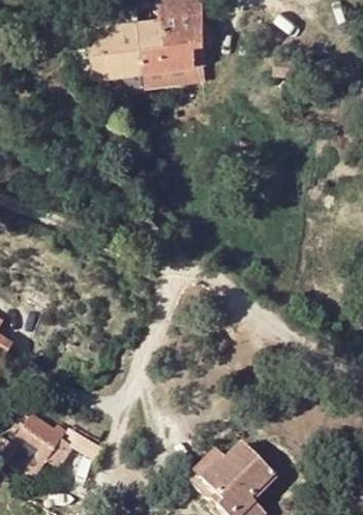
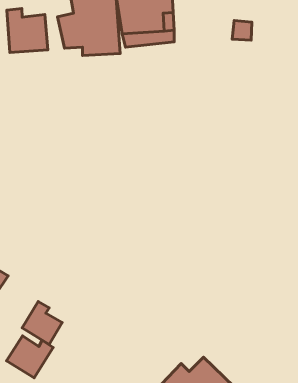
building: none -> [7,8,48,53]
building: none -> [22,302,62,345]

